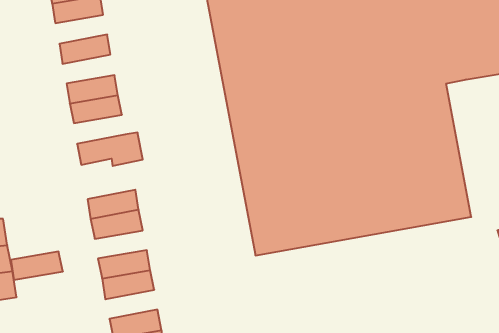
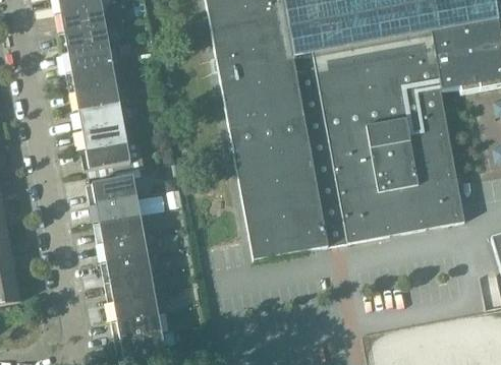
building: none -> [59,24,110,53]
building: none -> [66,63,117,92]
building: none -> [77,122,127,150]
building: none -> [87,175,137,204]
building: [11,252,63,280] -> [98,235,149,262]
building: none -> [108,293,159,321]

